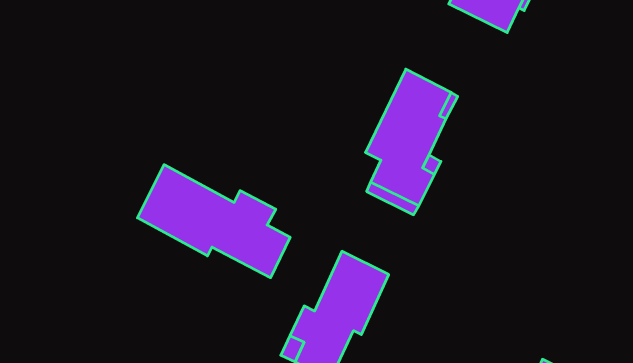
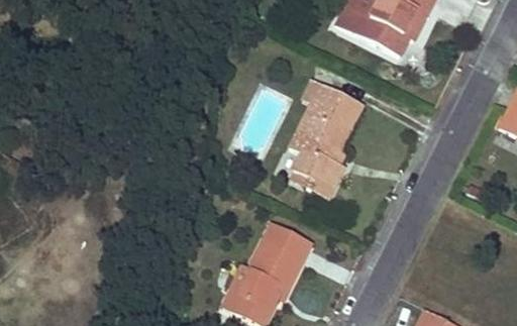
building: [137,165,290,278] -> none

